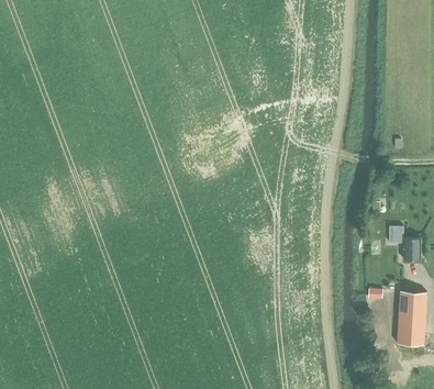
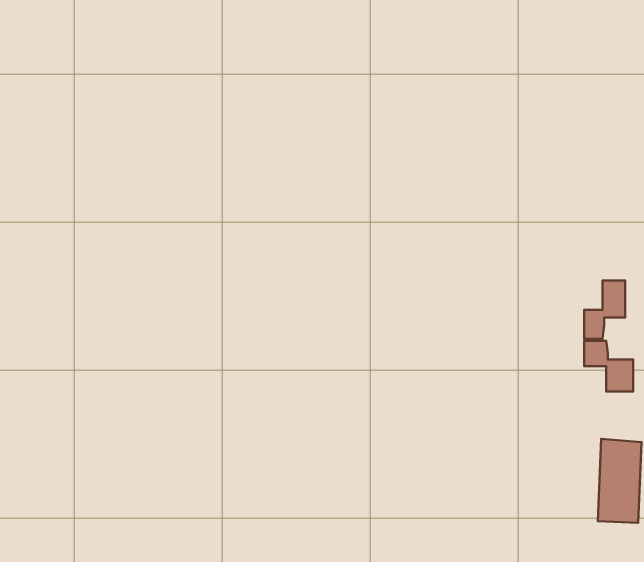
building: none -> [584,280,625,339]

